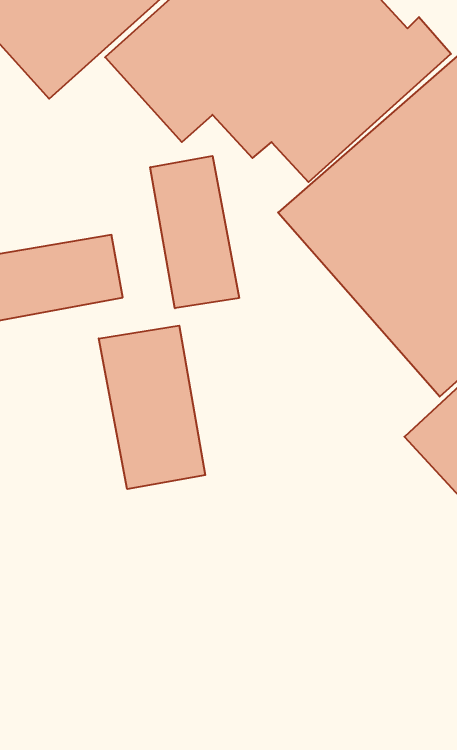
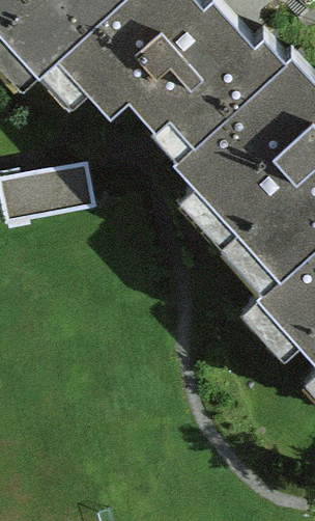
building: [150,156,239,308] -> none
building: [99,326,205,489] -> none

